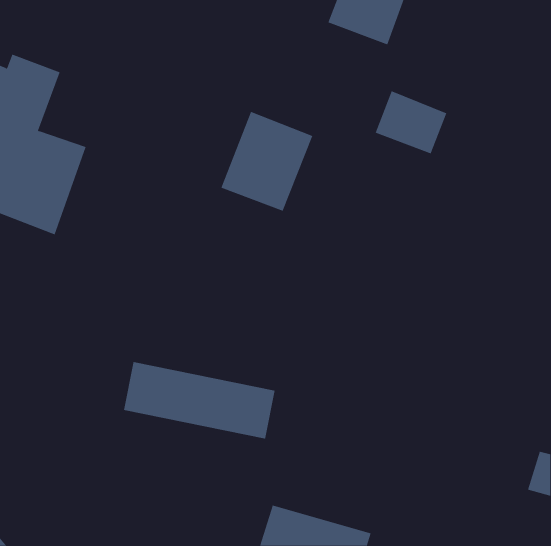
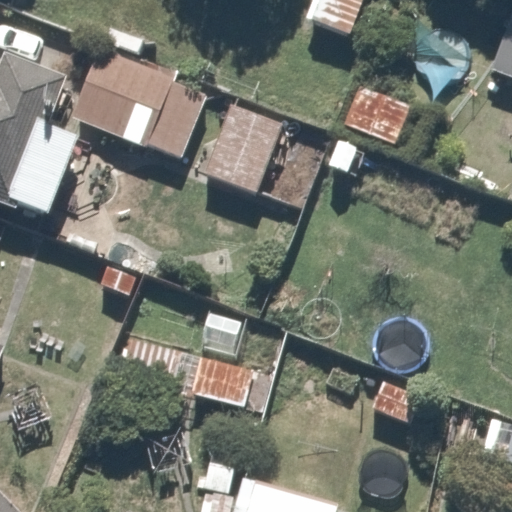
building: none -> [67,52,205,163]

